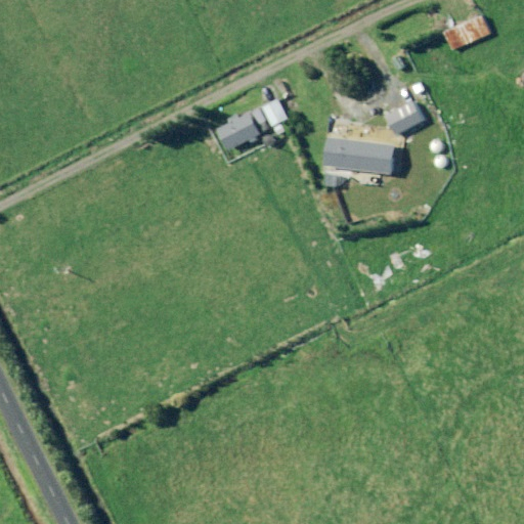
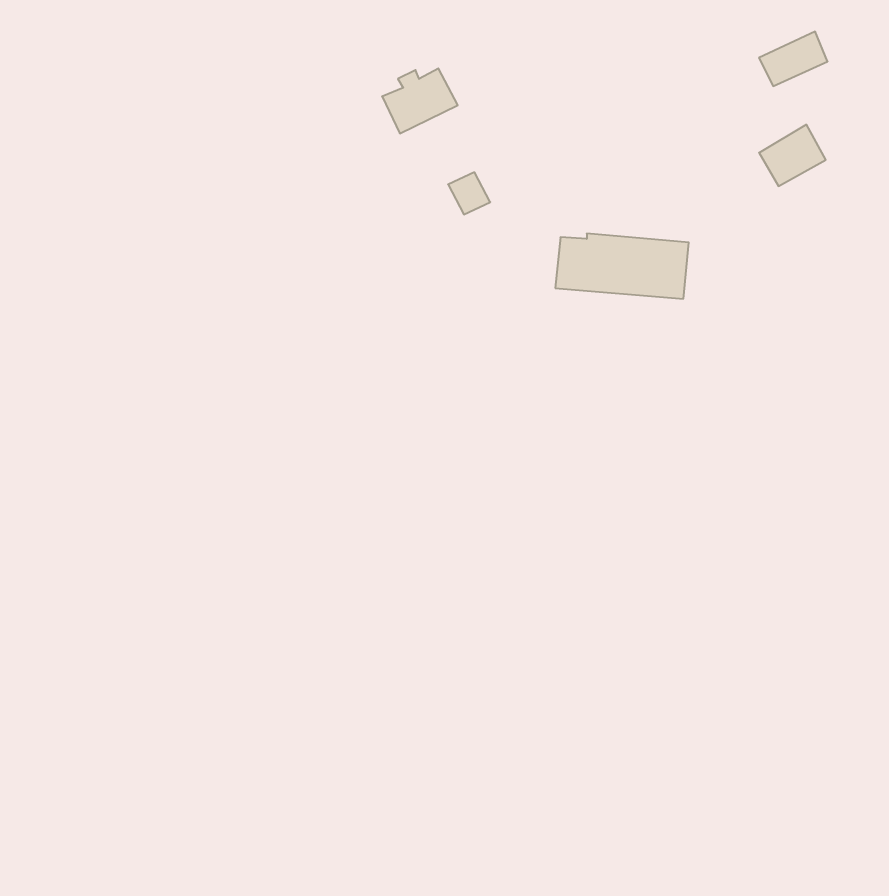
building: [385,99,424,135] -> [759,125,826,186]
building: [217,113,261,150] -> [382,68,458,133]

